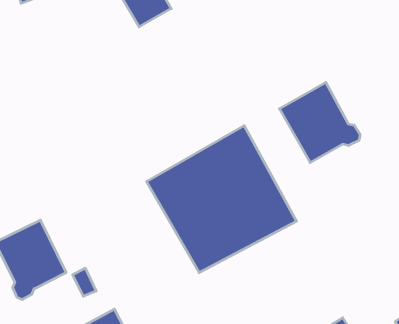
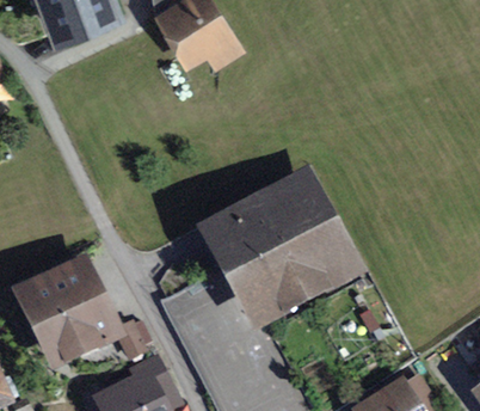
building: [279,82,360,163] -> none

